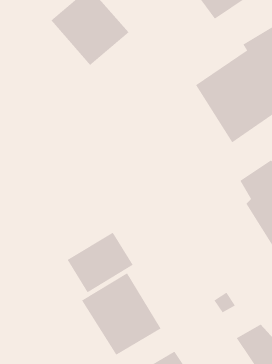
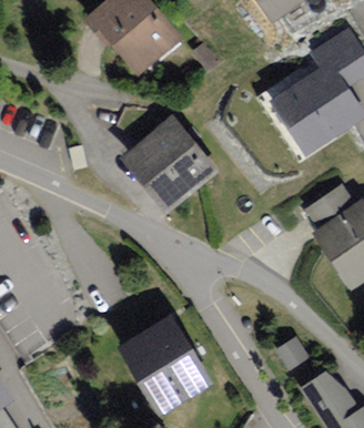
building: none -> [119,114,218,213]
building: [67,232,134,293] -> none

